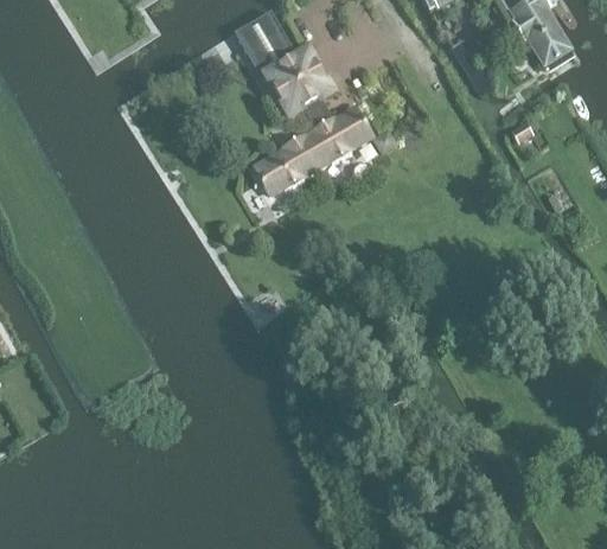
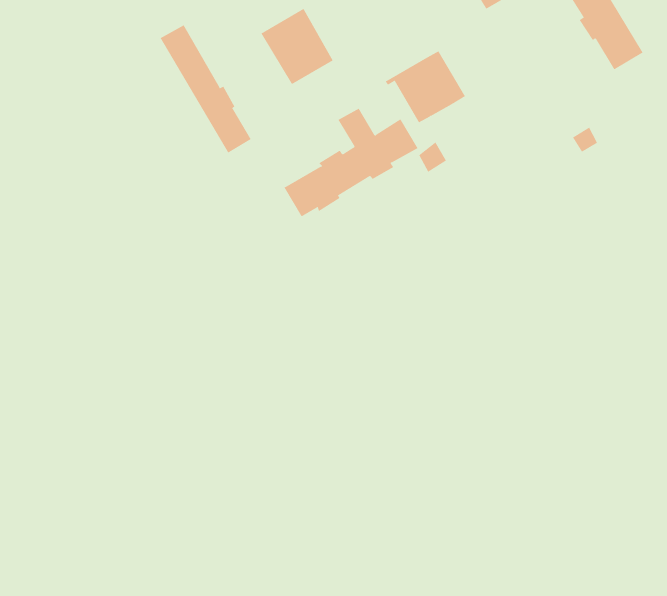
building: none -> [160,25,251,154]
building: [261,49,332,113] -> [385,50,466,123]

